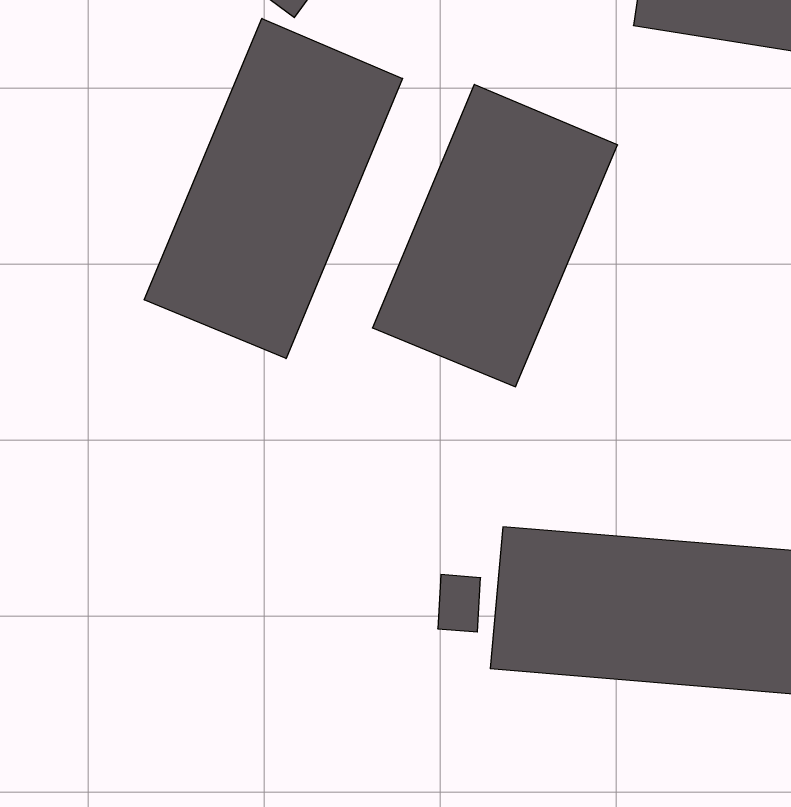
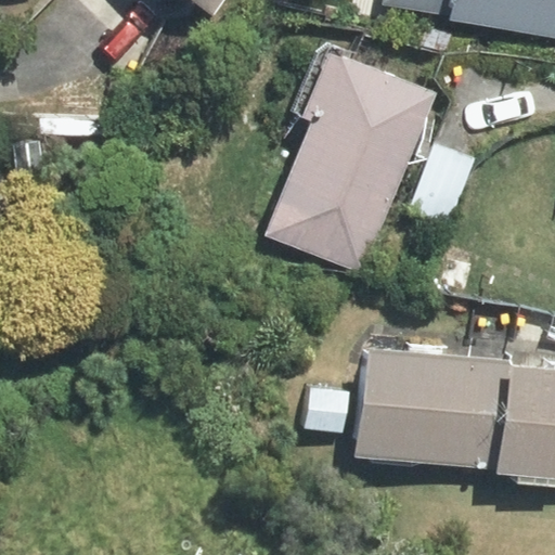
building: [144,18,403,359] -> none

